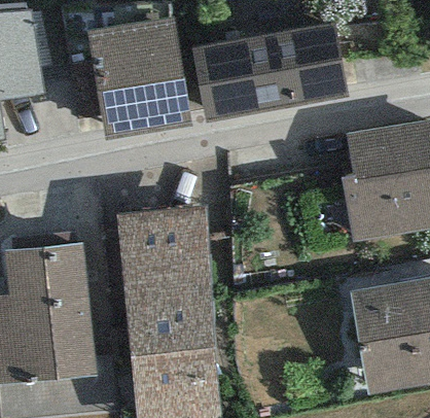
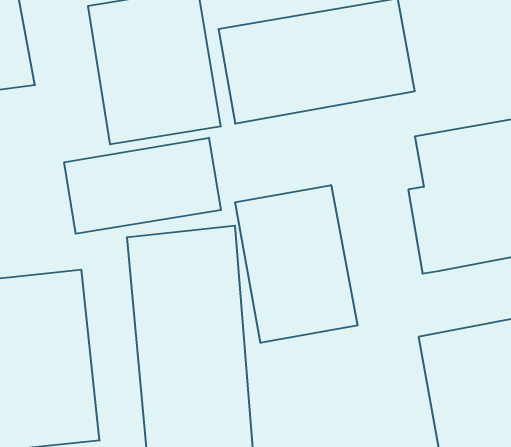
building: none -> [64,138,221,234]
building: none -> [235,185,358,343]

